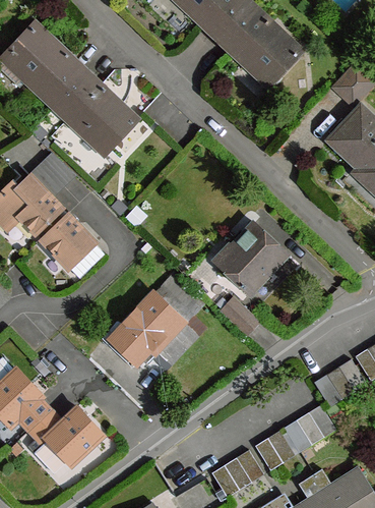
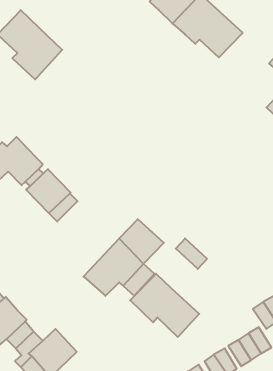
building: [52,71,136,149] -> none
building: [29,154,75,200] -> none
building: [213,223,285,294] -> none
building: none -> [130,274,199,337]

